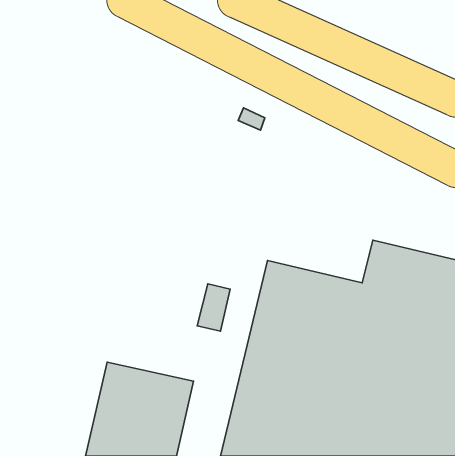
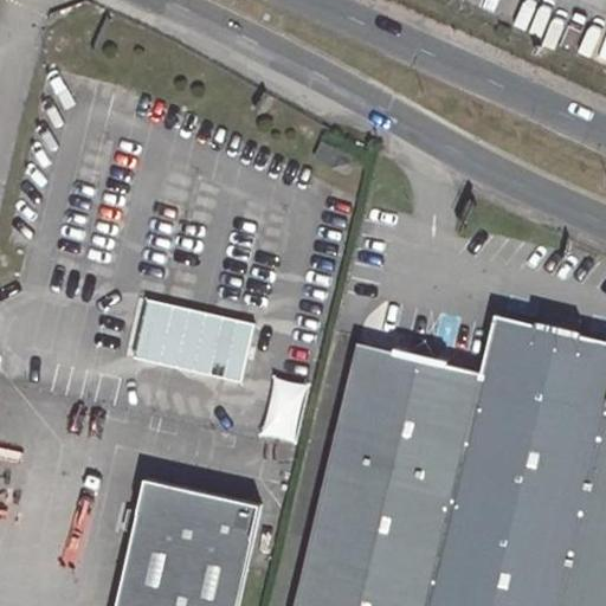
building: none -> [134,297,253,381]

